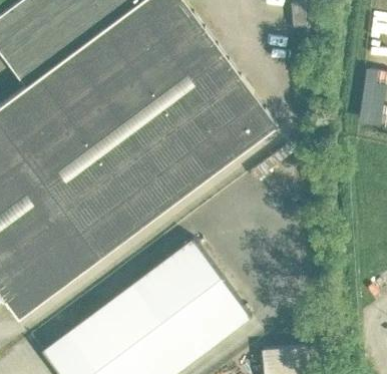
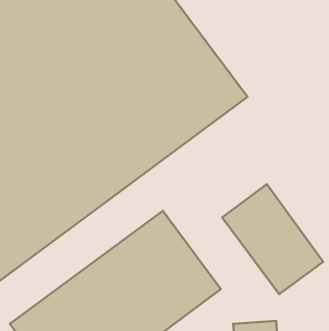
building: none -> [222,184,323,294]

